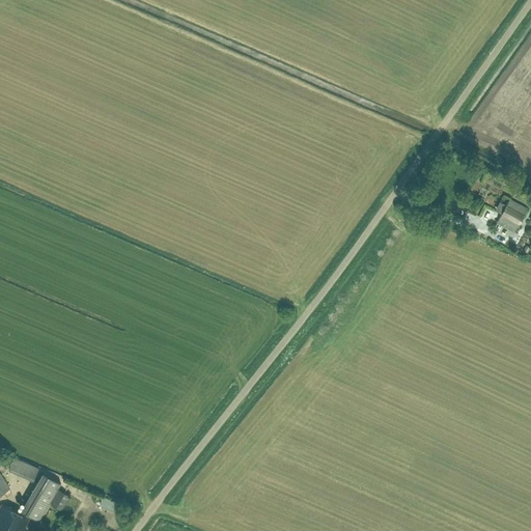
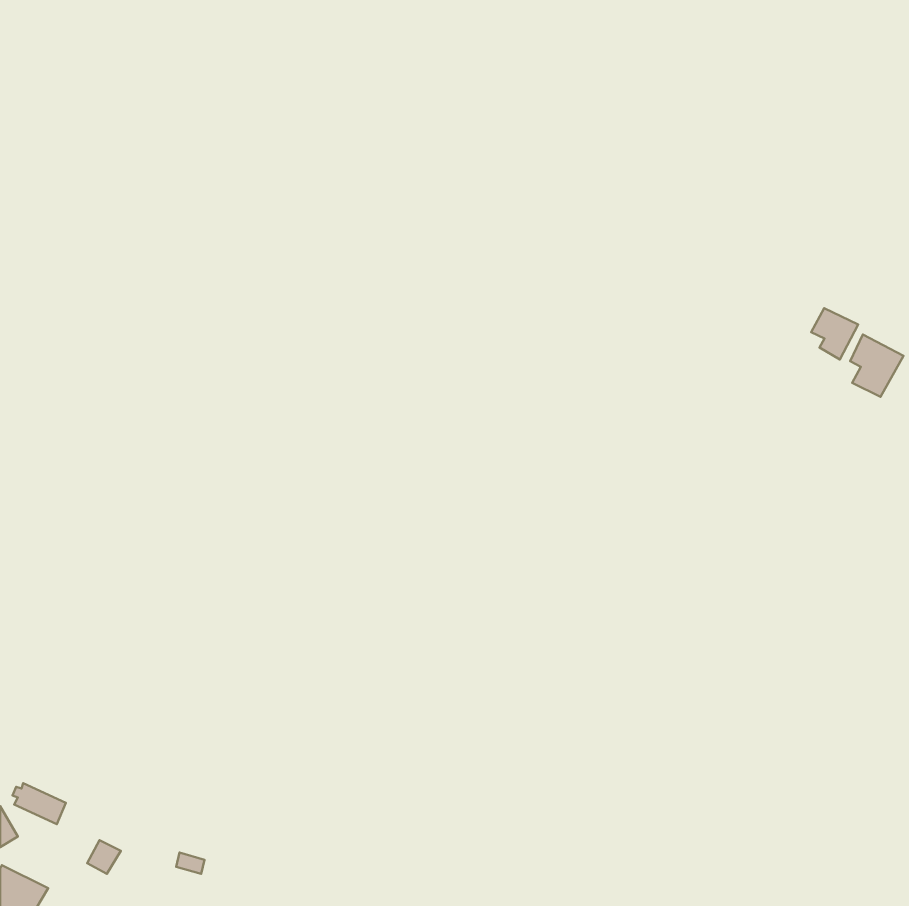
building: none -> [811,308,858,359]
building: [20,474,60,522] -> none

